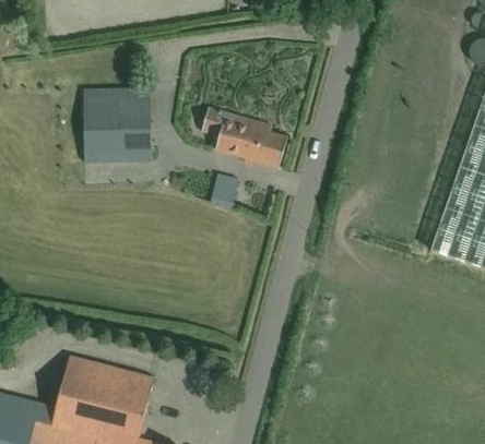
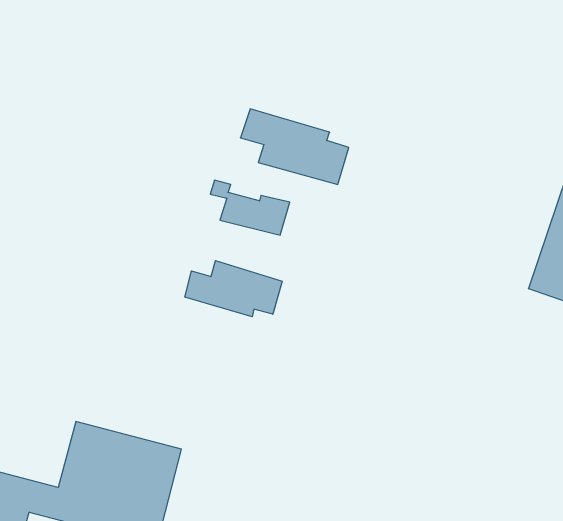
building: [85,87,152,164] -> none
building: none -> [185,261,282,317]

